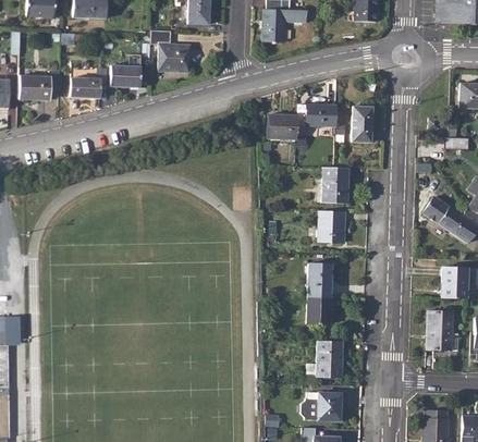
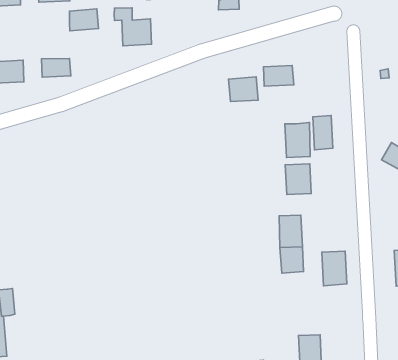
building: [111,65,142,86] -> [69,9,99,31]
building: [352,107,372,142] -> [313,115,333,150]
building: [317,341,343,377] -> [322,251,347,286]

